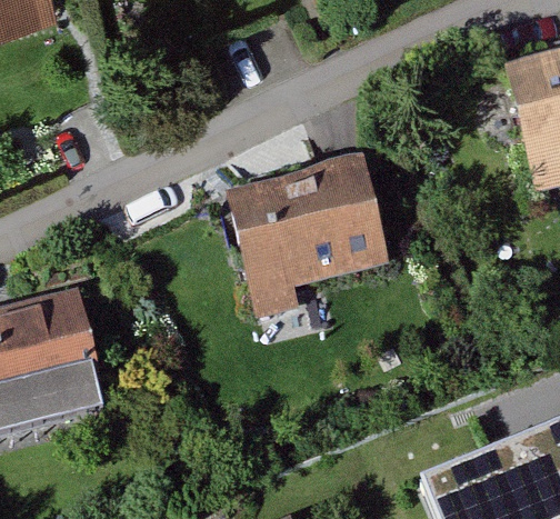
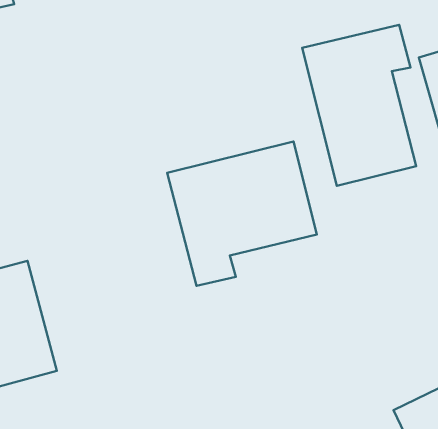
building: none -> [302,25,416,186]

